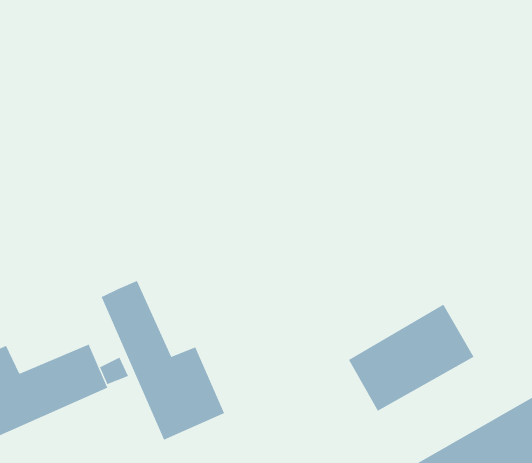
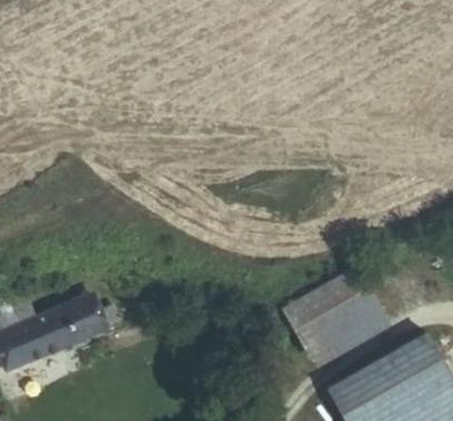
building: [101,280,225,440] -> none

